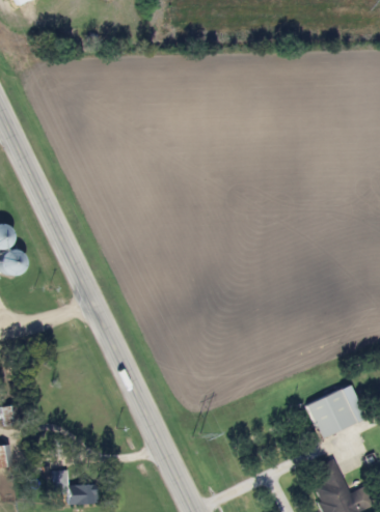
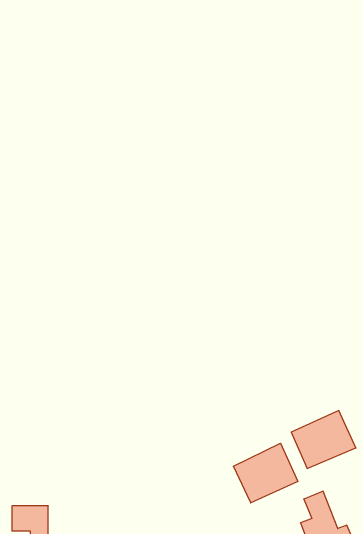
building: none -> [234,443,298,503]

